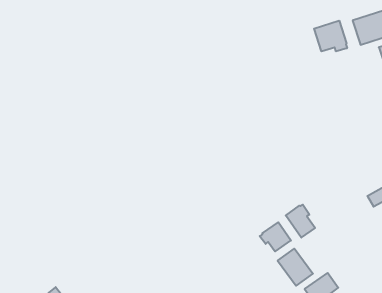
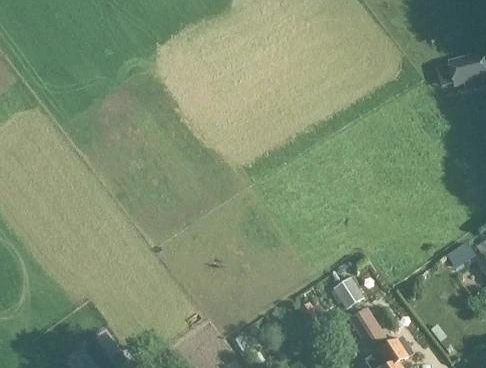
building: [314,21,347,51] -> none
building: [286,205,315,238] -> none

